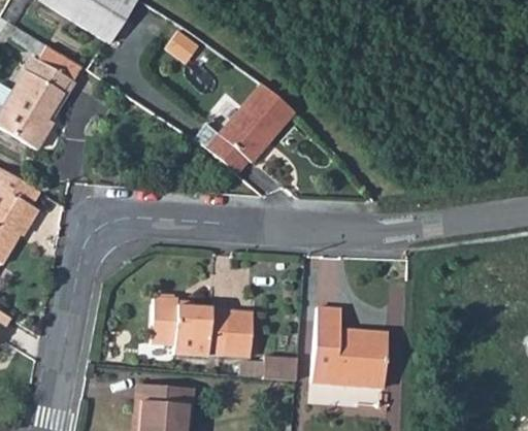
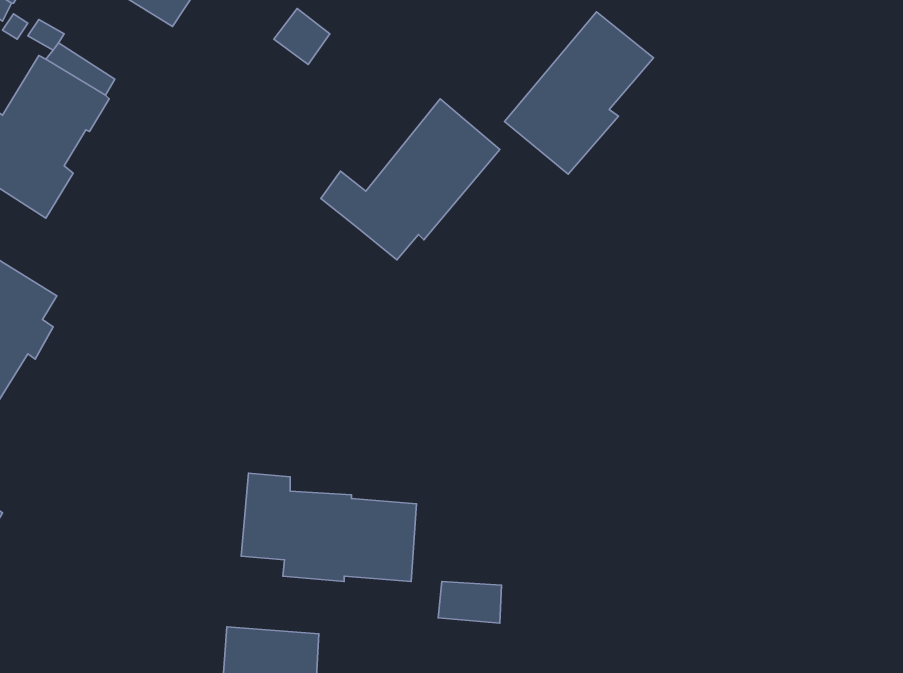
building: none -> [504,12,654,174]
building: [310,306,388,387] -> none

